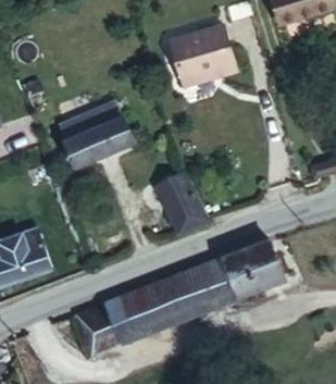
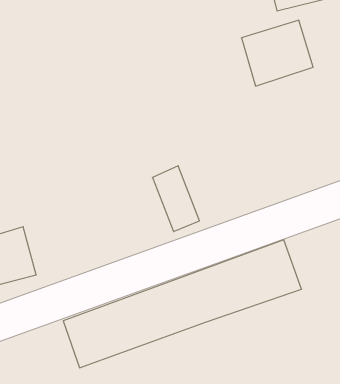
building: [172,26,238,87] -> [241,20,313,86]
building: [58,99,132,164] -> none

